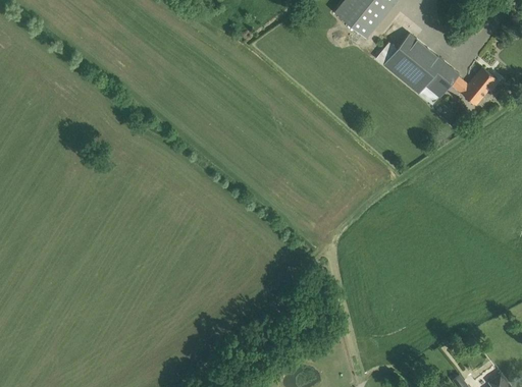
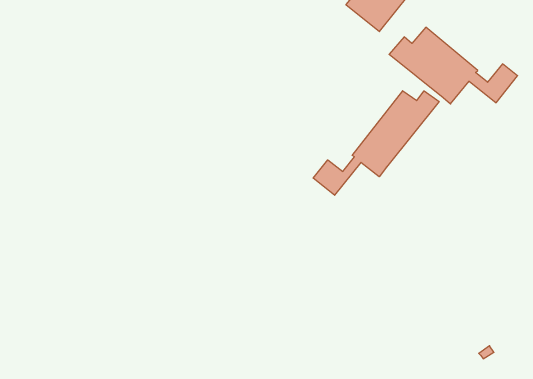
building: none -> [313,91,439,195]

